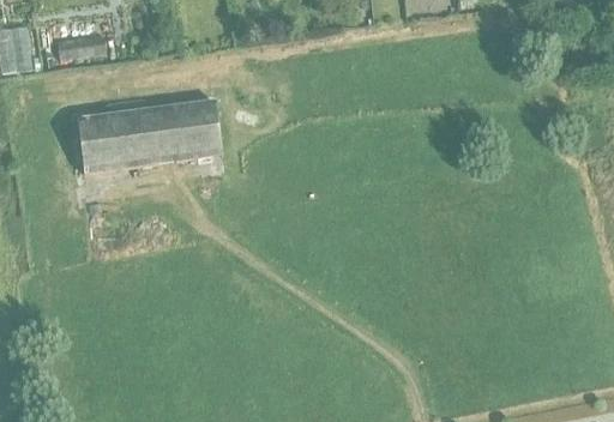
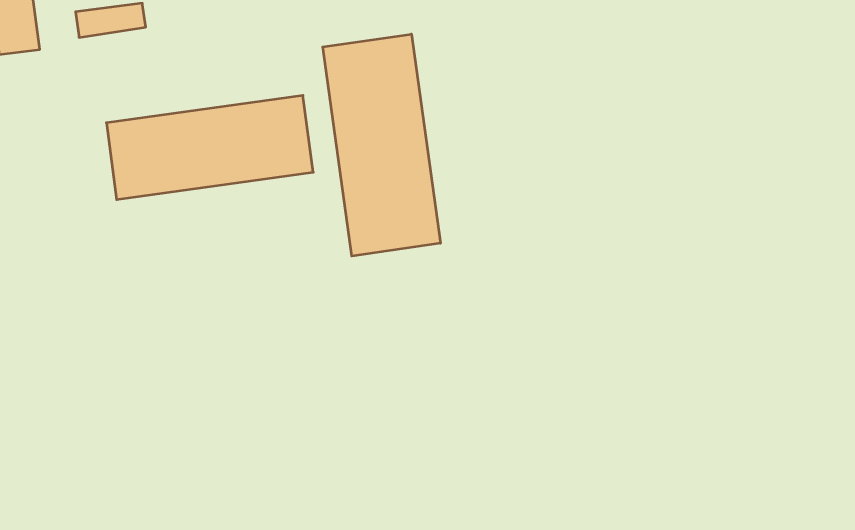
building: none -> [323,34,440,256]

